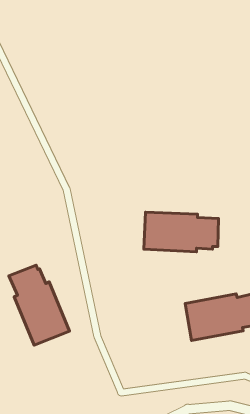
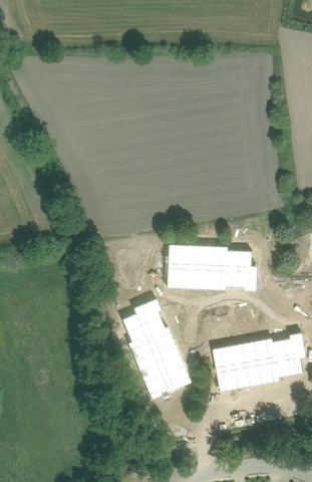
building: [9,265,69,345] -> [121,306,191,398]

